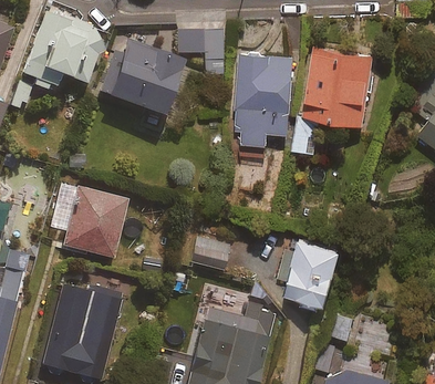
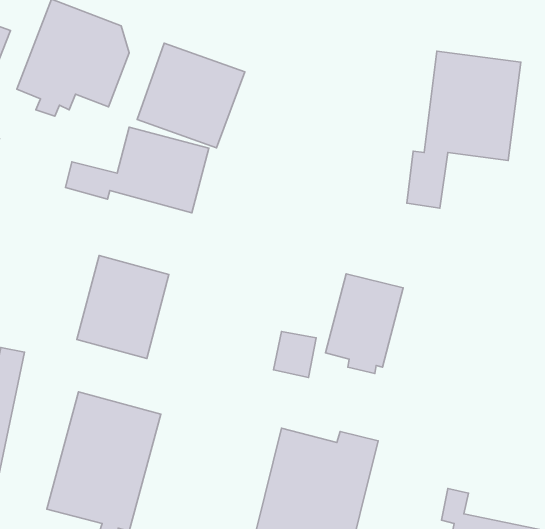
building: [176,30,221,74] -> none
building: [235,54,291,157] -> none
building: none -> [65,127,209,213]
building: [283,235,338,304] -> [326,274,403,374]

